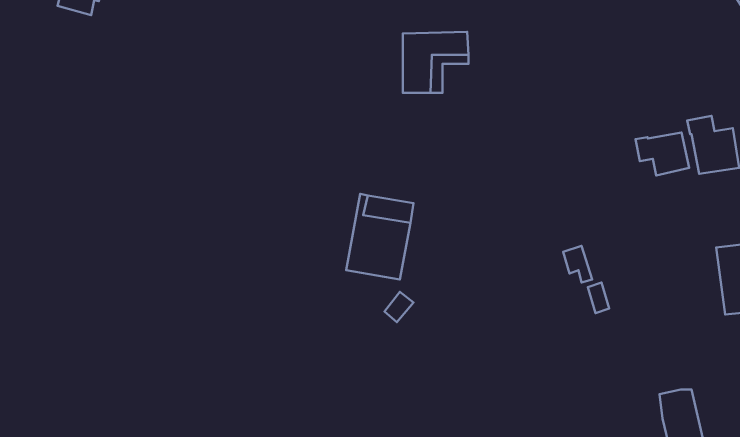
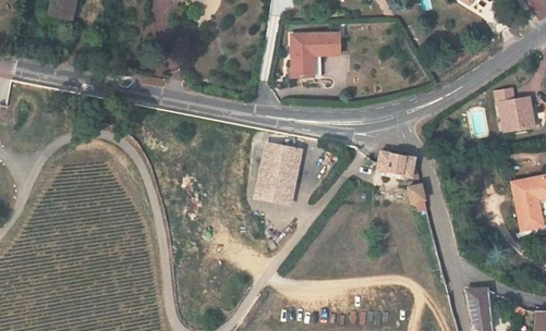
building: [636,132,689,175] -> none
building: none -> [376,155,420,181]

